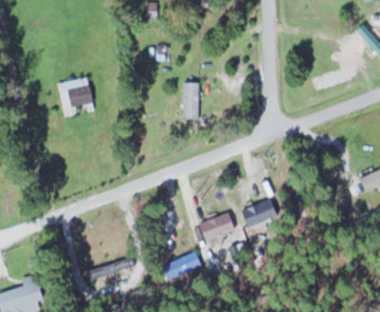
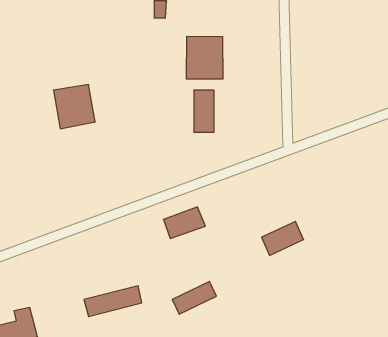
building: none -> [186,36,223,79]
building: [199,213,236,241] -> [163,207,205,239]

